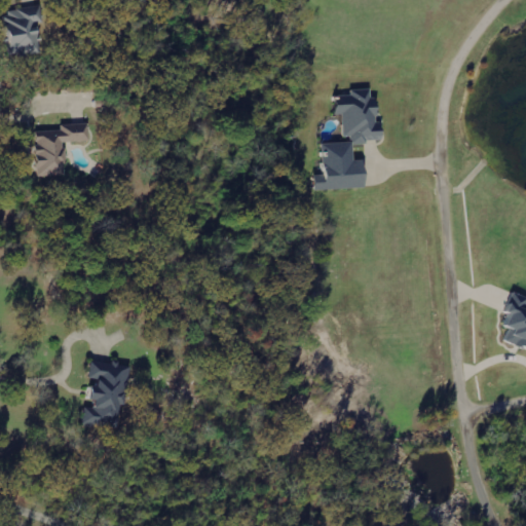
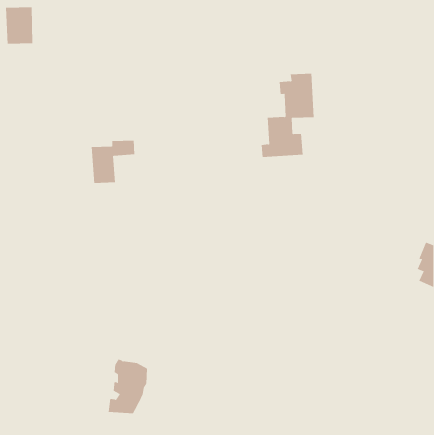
building: [35,123,88,176] -> [91,140,135,183]
building: [81,359,129,425] -> [108,358,148,414]

